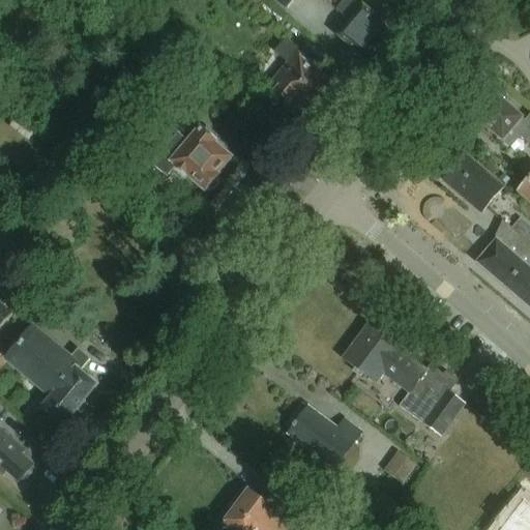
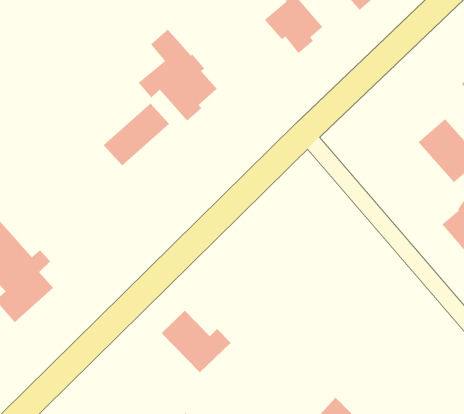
building: none -> [103,103,170,166]
building: [345,323,467,434] -> none
building: [289,404,361,465] -> [161,310,231,373]

